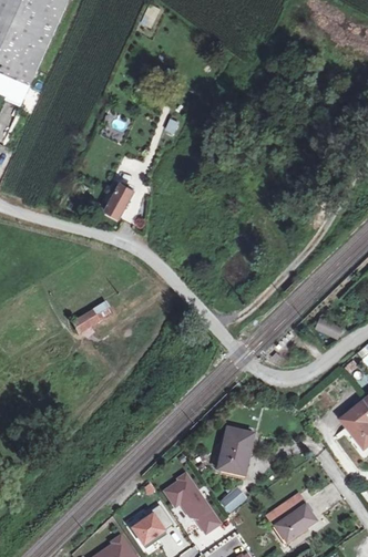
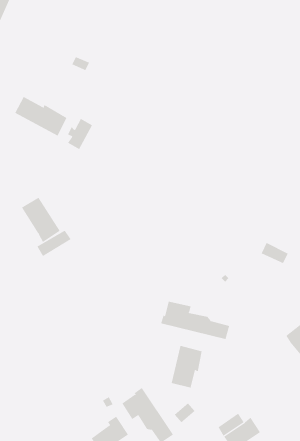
building: none -> [14,96,67,137]
building: none -> [21,197,61,243]
building: none -> [160,301,230,340]

